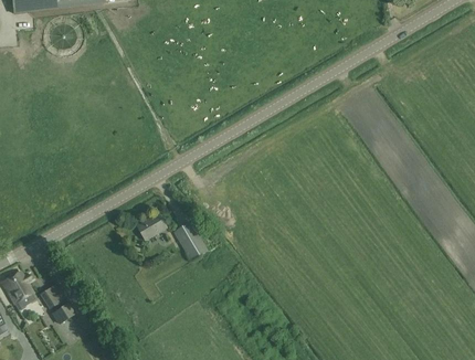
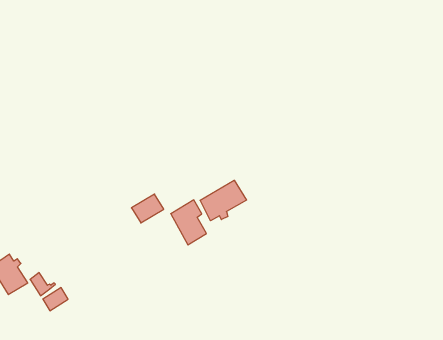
building: none -> [200,180,247,221]

